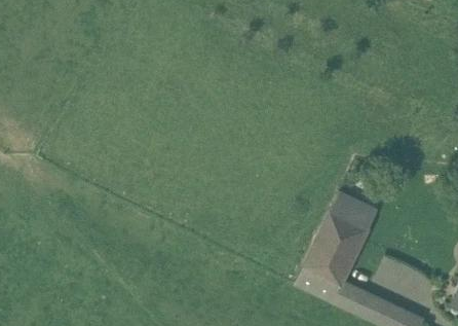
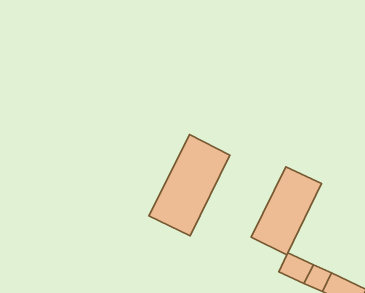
building: none -> [149,135,230,236]
building: [296,265,341,301] -> none

